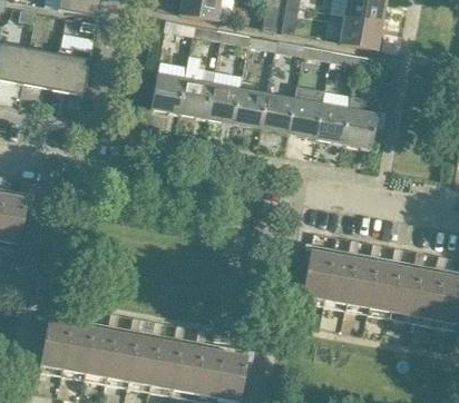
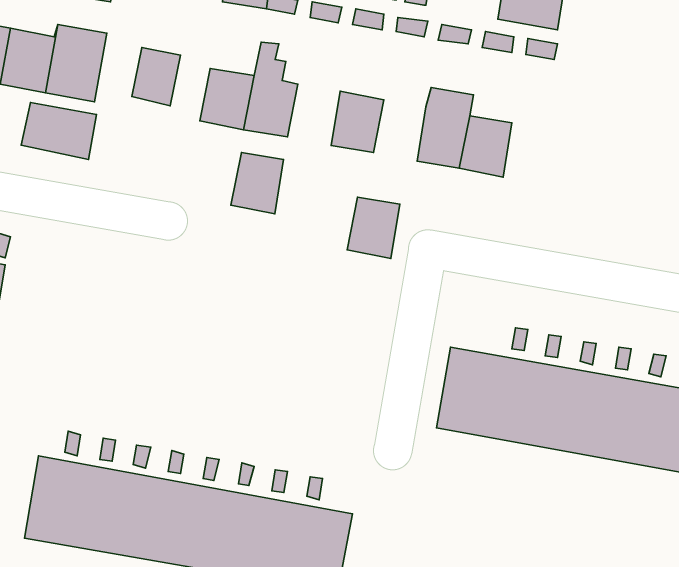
building: none -> [132,48,181,106]
building: [206,81,240,120] -> [231,153,284,214]
building: [261,91,294,130] -> [347,197,400,259]
building: [343,92,380,145] -> none
building: none -> [21,103,97,159]

